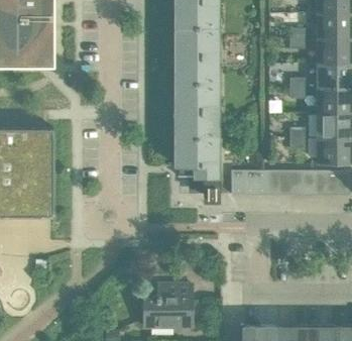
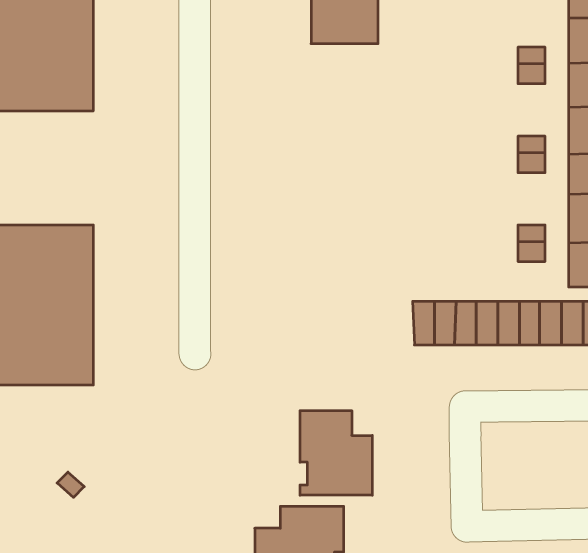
building: [174,27,218,198] -> none
building: none -> [300,411,372,495]

